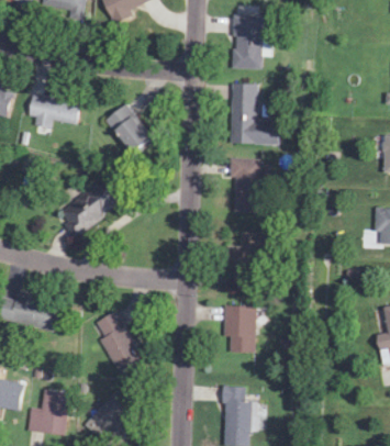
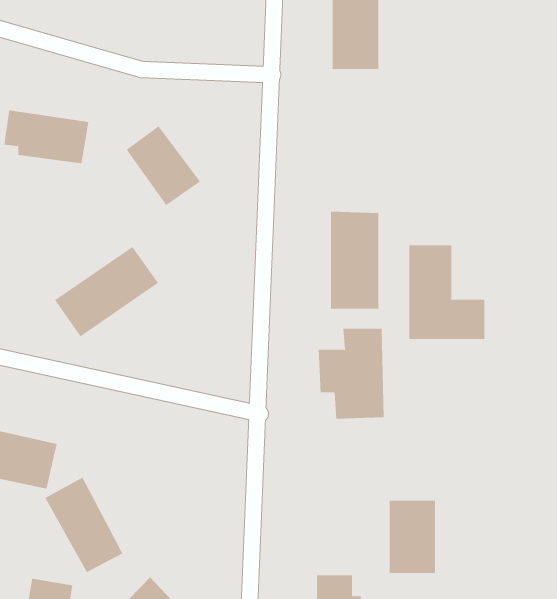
building: [231,85,279,144] -> [408,245,485,339]
building: [224,306,254,353] -> [389,500,436,574]
building: [93,310,143,370] -> [44,477,123,573]

